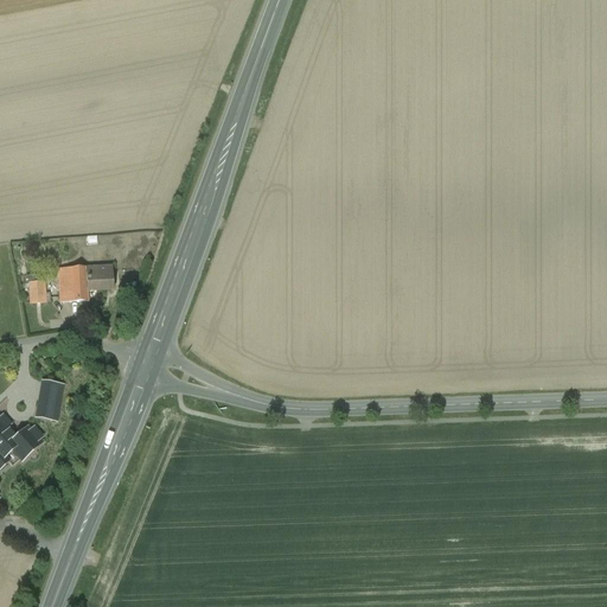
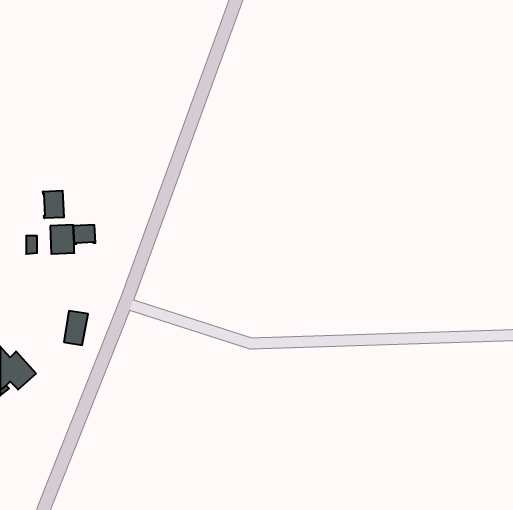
building: none -> [43,191,64,218]
building: [36,379,64,420] -> [64,311,88,345]

